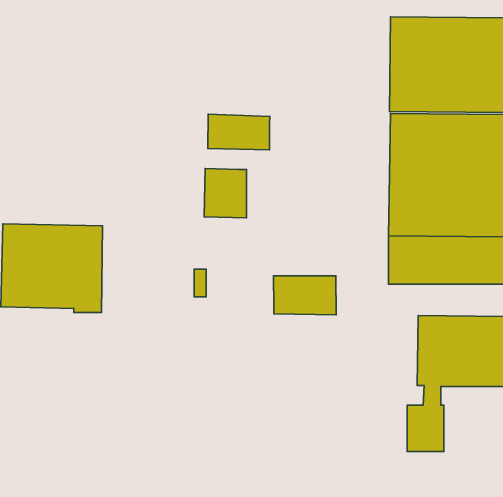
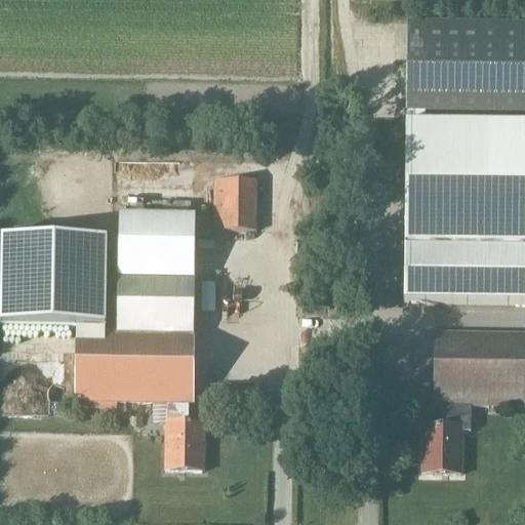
building: [208,114,270,150] -> none
building: none -> [77,209,205,467]
building: [274,276,336,315] -> none

